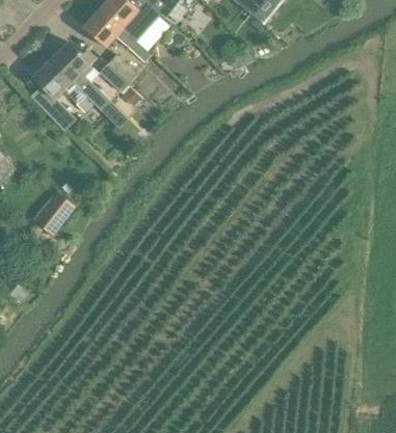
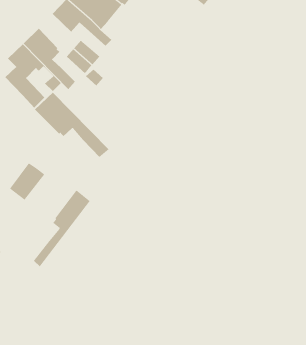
building: none -> [34,92,109,158]
building: none -> [33,190,91,267]

